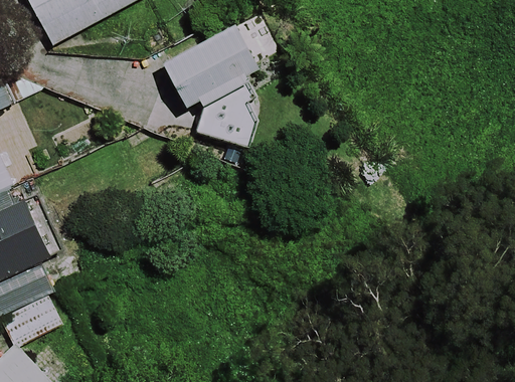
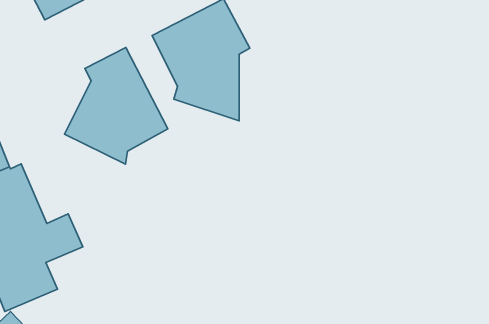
building: none -> [65,48,168,164]

